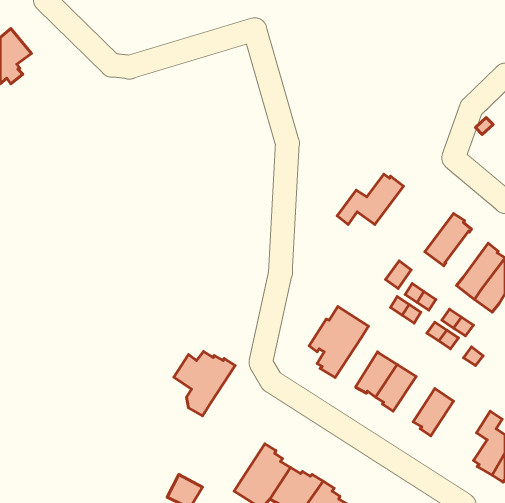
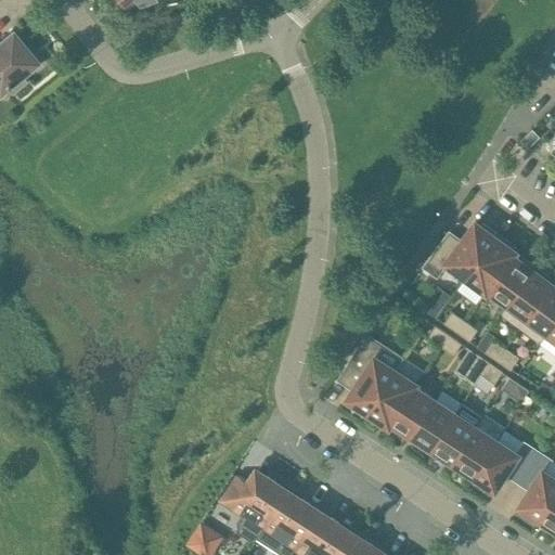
building: [337,174,403,225] -> [425,223,498,279]
building: none -> [488,256,535,306]
building: none -> [367,372,417,428]
building: [174,352,235,416] -> [223,474,291,544]
building: none -> [431,406,482,465]
building: none -> [473,442,538,492]

